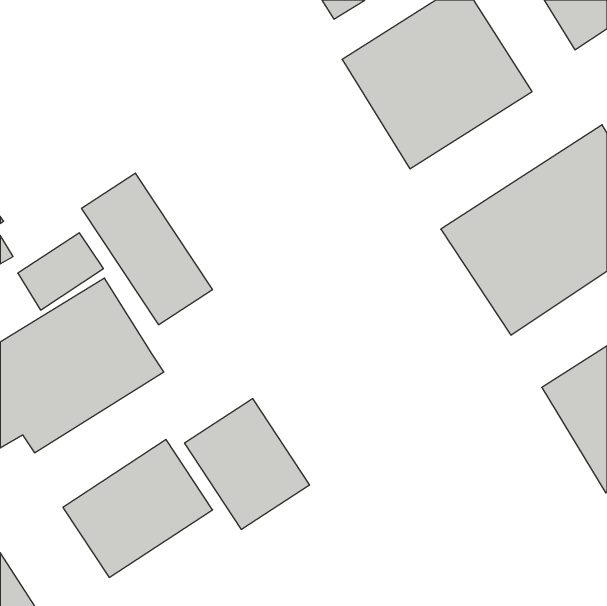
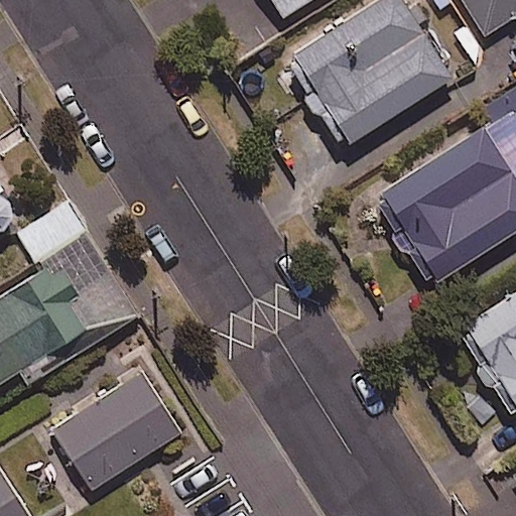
building: [82,173,212,325] -> none
building: [185,399,309,529] -> none

